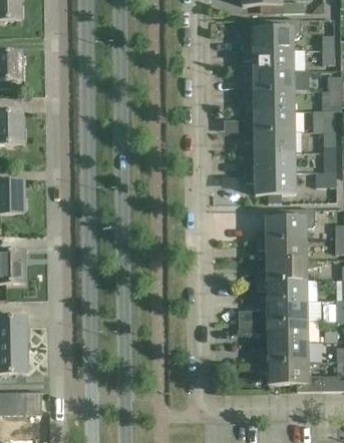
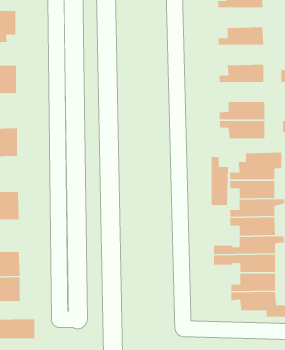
building: [243,50,293,71] -> none
building: [243,91,294,112] -> none
building: [244,132,295,152] -> none
building: none -> [211,156,229,206]

